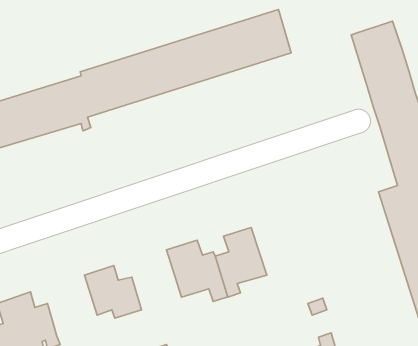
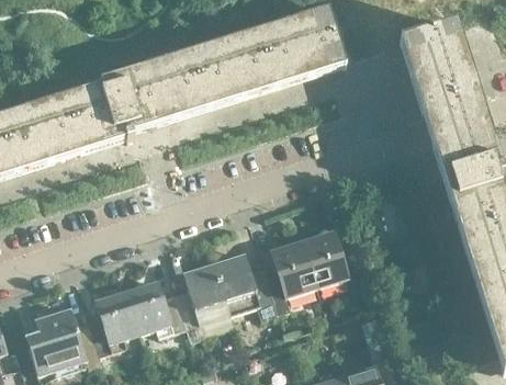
building: none -> [301,231,363,292]
building: none -> [177,265,228,341]
building: none -> [89,292,140,355]

